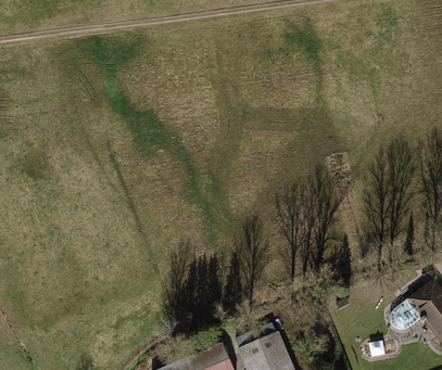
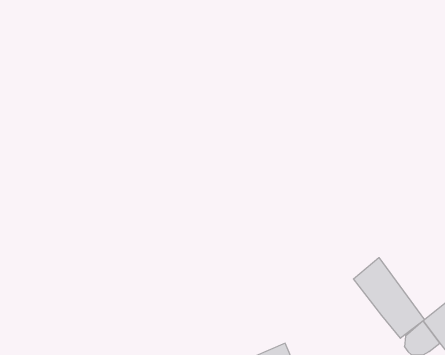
building: none -> [353,258,425,338]

